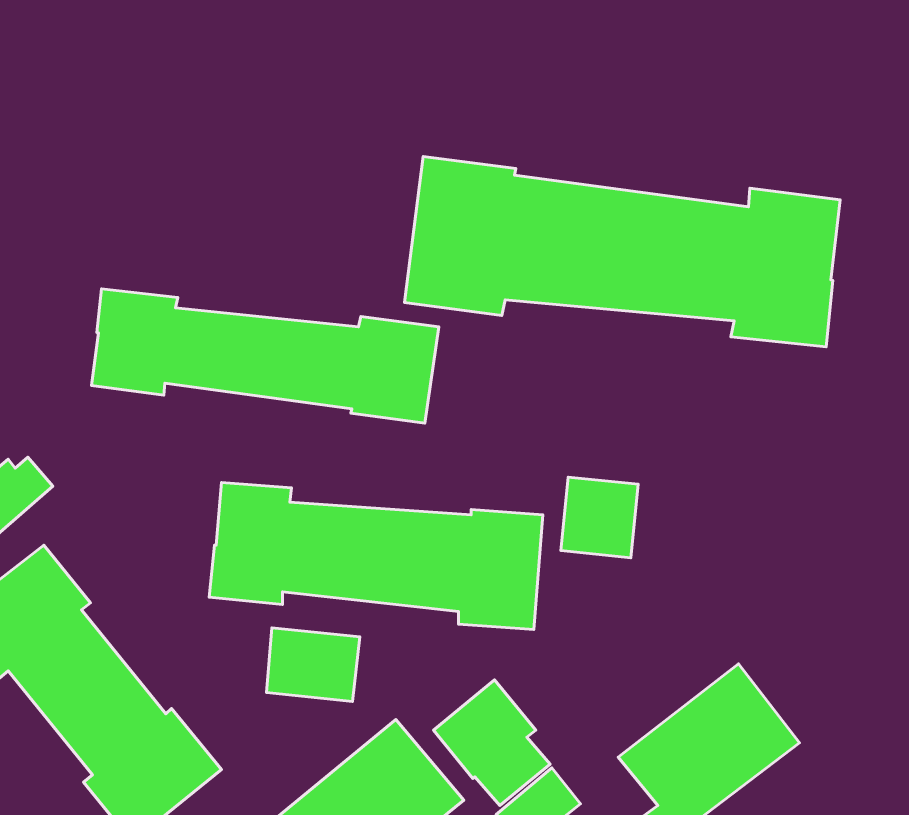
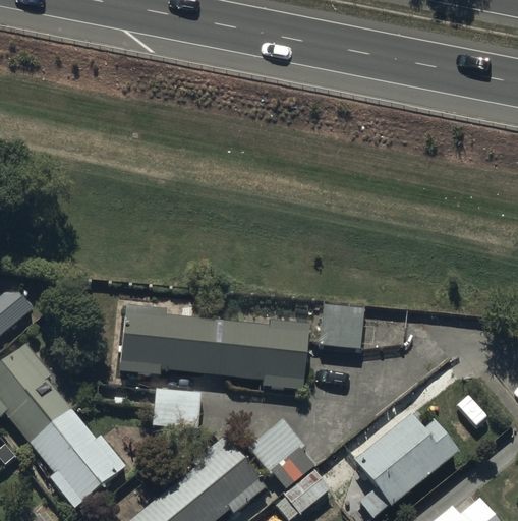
building: [405,156,840,347] -> none
building: [91,289,439,423] -> none

